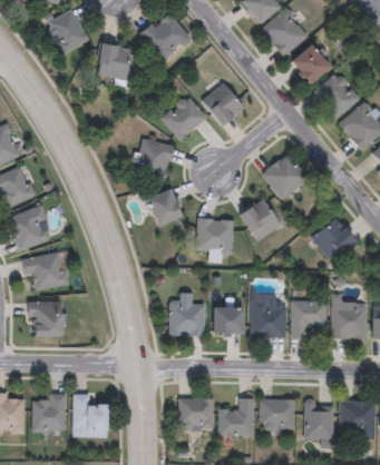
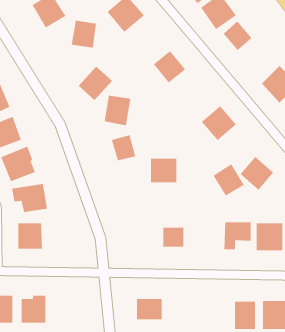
building: [314,72,358,117] -> none
building: [162,95,206,139] -> [78,66,113,101]
building: [238,198,280,240] -> [212,163,245,197]
building: [170,297,204,336] -> none
building: [251,299,285,337] -> none
building: [71,394,106,436] -> none
building: [218,398,253,435] -> none
building: [260,398,293,428] -> none

